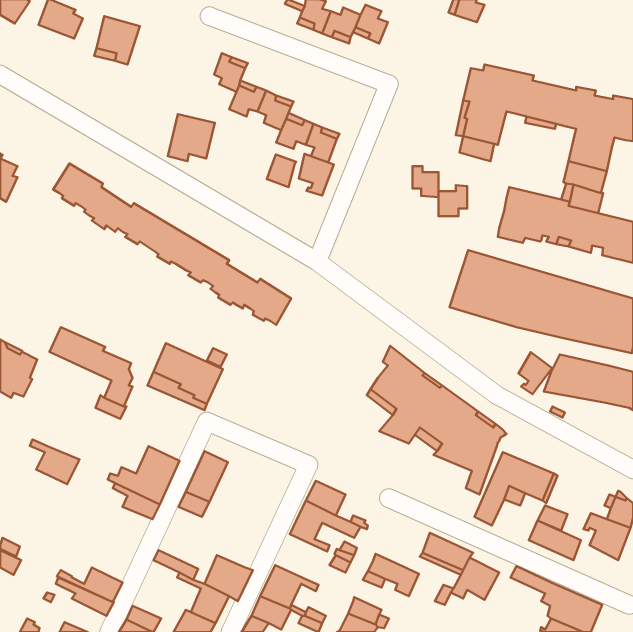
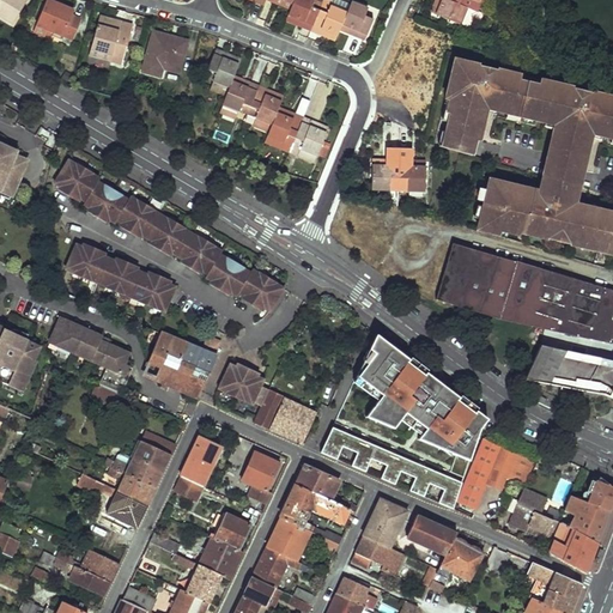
building: [168,114,215,161] -> [144,32,189,78]
building: [299,154,334,196] -> none
building: [267,154,296,187] -> none
building: [439,185,467,216] -> [371,159,399,189]
building: none -> [66,244,177,314]
building: [518,352,552,394] -> none
building: none -> [218,364,262,403]
building: none -> [253,389,316,444]
building: [30,440,80,484] -> [99,482,147,526]
building: none -> [322,426,462,506]
building: none -> [239,451,278,490]
building: none -> [363,499,407,547]
building: none -> [210,512,249,548]
building: none -> [266,516,318,560]
building: none -> [550,522,597,571]

